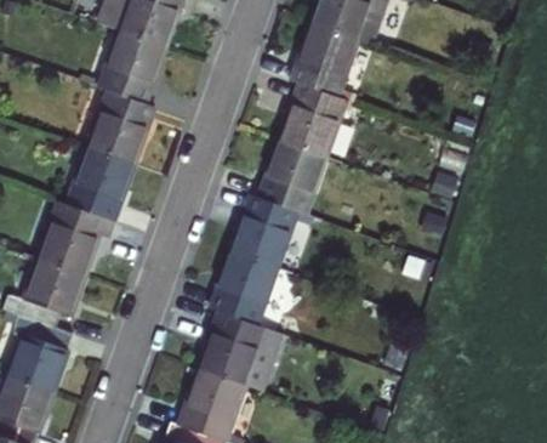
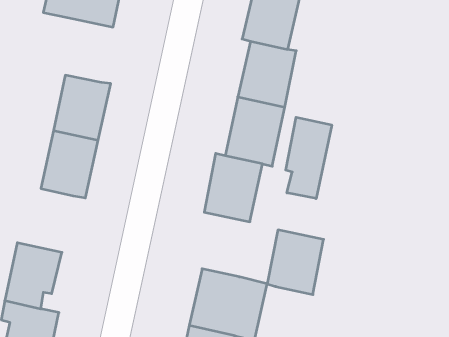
building: [96,32,163,103] -> none
building: none -> [286,117,332,199]
building: [35,201,112,274] -> none
building: [215,251,279,323] -> [267,230,324,295]

